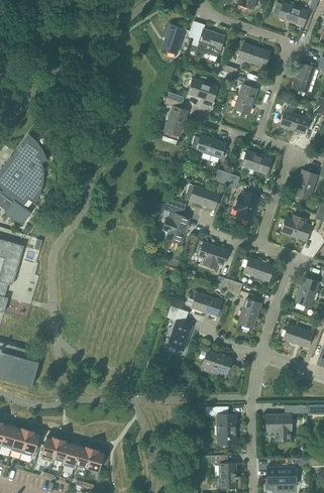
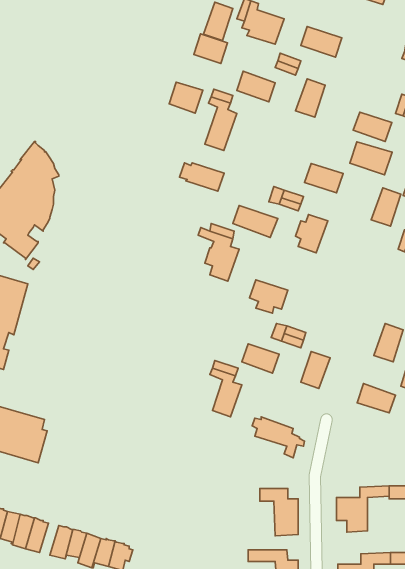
building: none -> [194,34,228,64]
building: [293,64,315,93] -> none
building: none -> [169,82,203,113]
building: none -> [350,142,392,175]
building: [191,136,226,158] -> [179,163,224,191]
building: [281,216,311,241] -> none
building: [244,258,274,281] -> none

